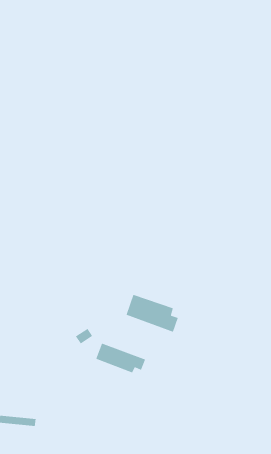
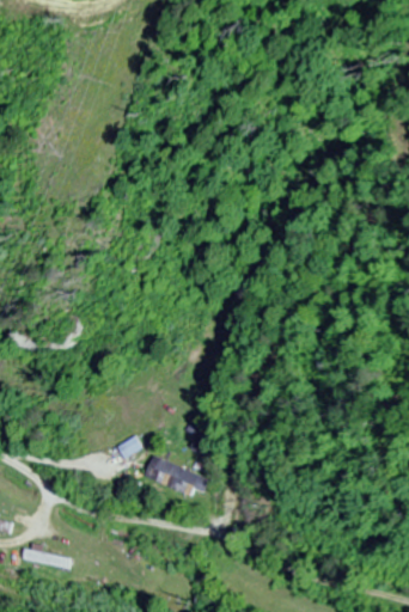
building: [125,294,179,333] -> none

